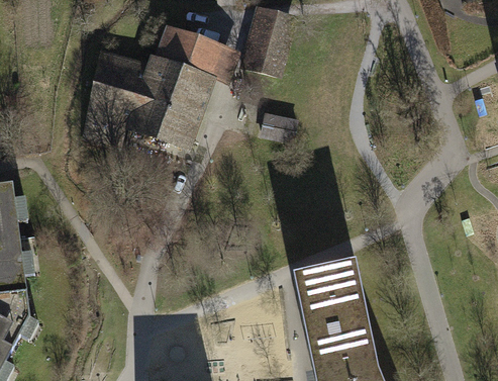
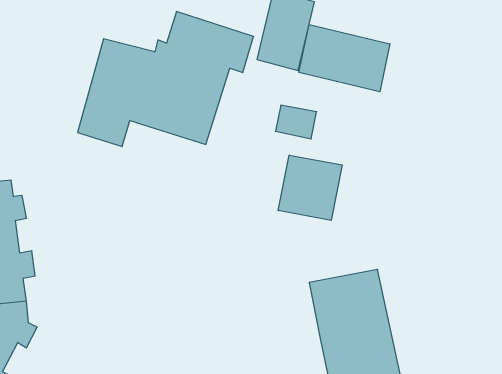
building: none -> [299,24,390,92]
building: none -> [278,155,342,220]

